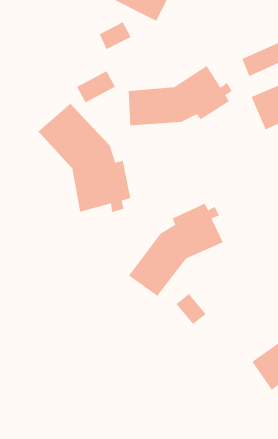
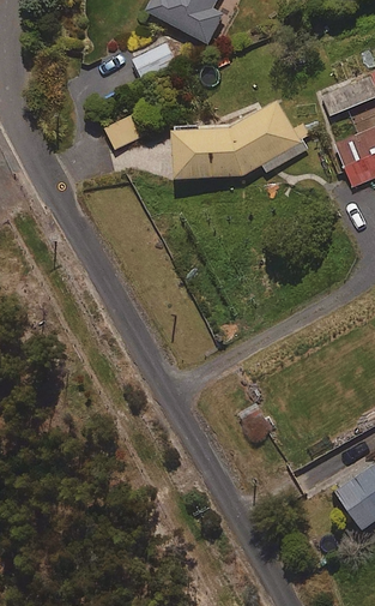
building: [37,103,131,213] -> none
building: [128,203,223,297] -> none

